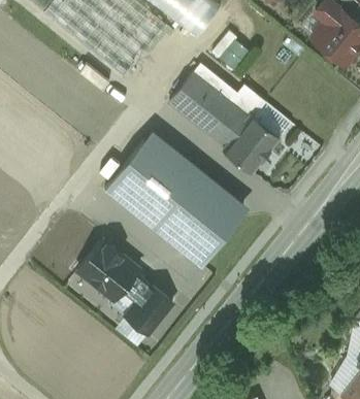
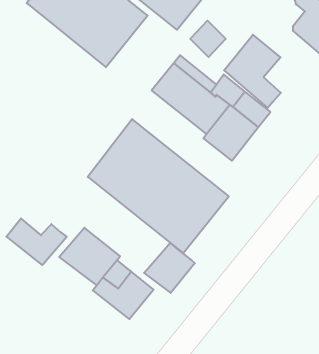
building: none -> [224,35,281,108]
building: none -> [6,218,67,265]
building: none -> [144,243,195,293]

